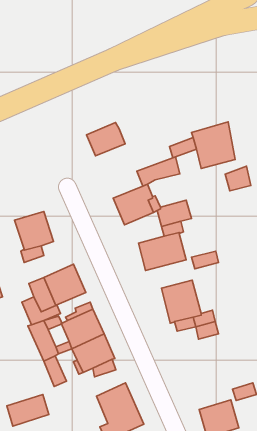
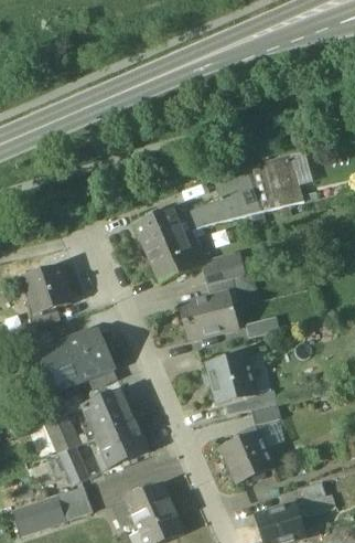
building: [87,123,125,156] -> [136,207,184,249]
building: [225,166,251,191] -> [225,188,257,219]
building: none -> [220,433,273,485]
building: none -> [58,487,94,521]

